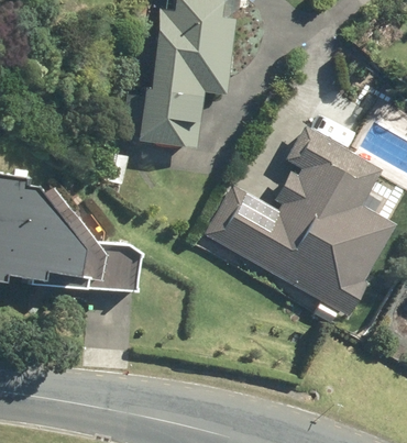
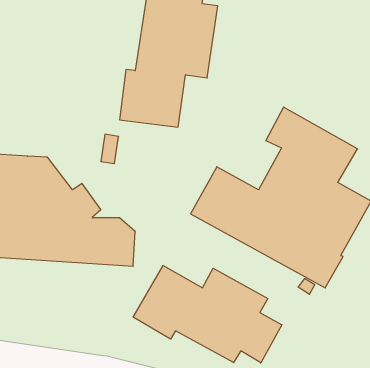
building: none -> [133,266,282,363]

